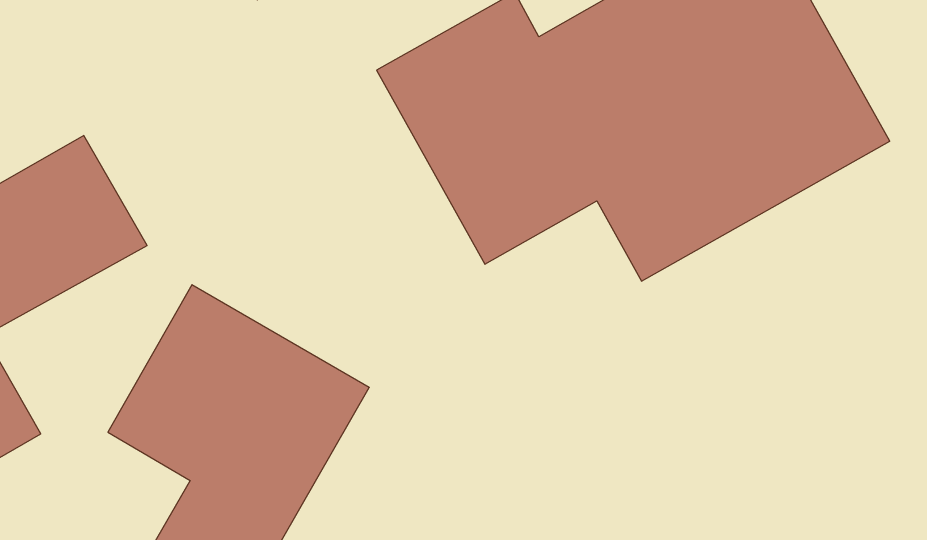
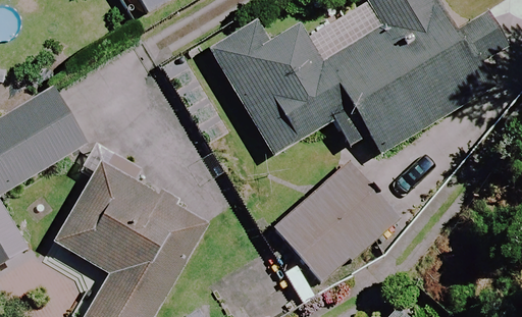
building: none -> [274,165,394,282]

